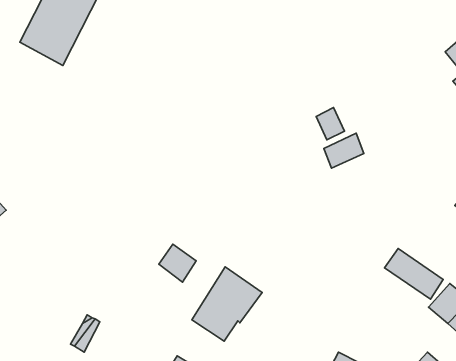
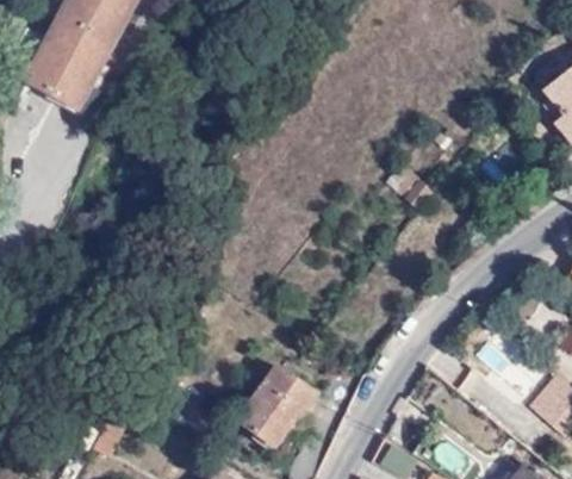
building: [324,133,364,168] -> none
building: [159,244,196,282] -> none

